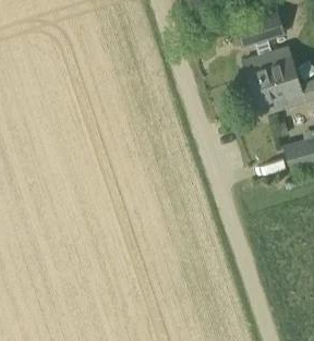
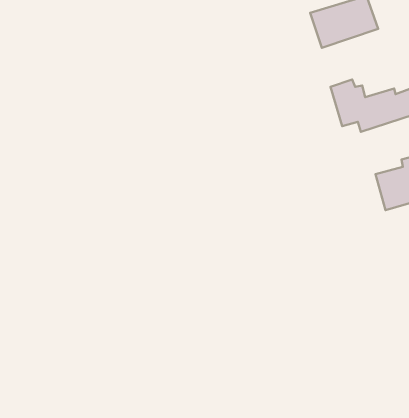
building: [246,46,300,84] -> none

